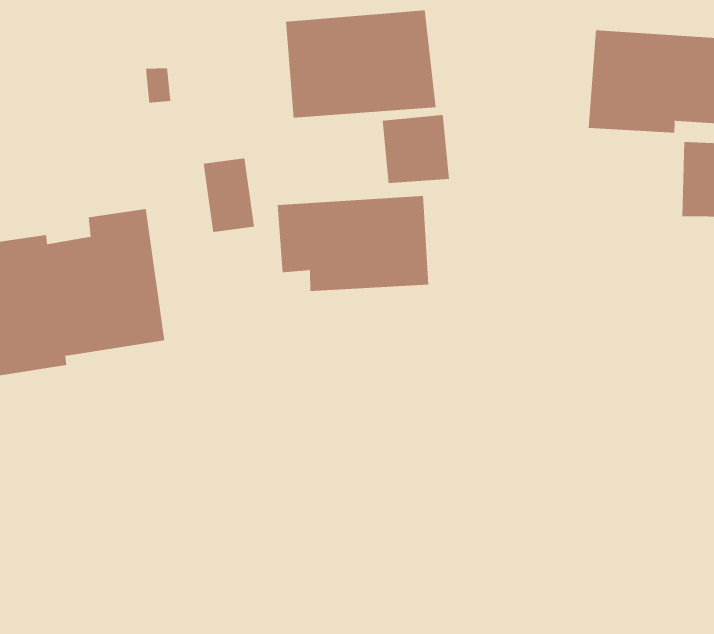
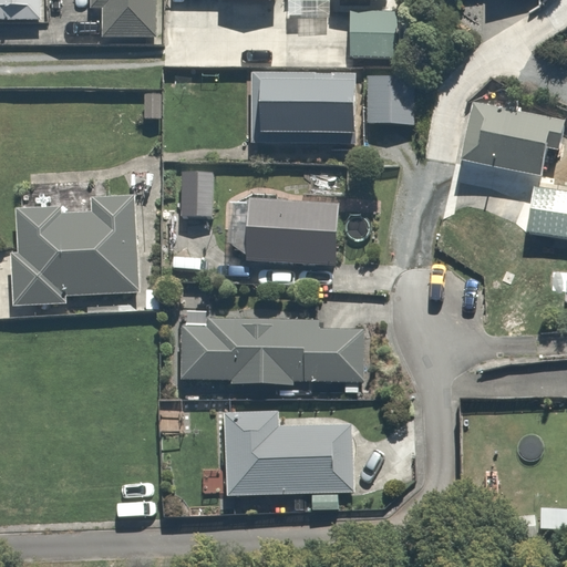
building: [382,114,450,184] -> [364,74,410,122]
building: none -> [179,317,362,384]
building: none -> [221,409,352,494]

